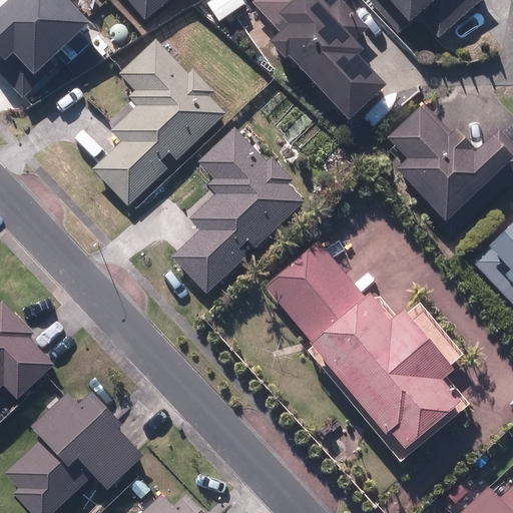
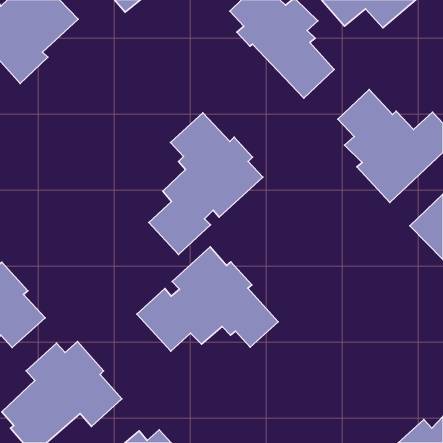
building: [91,42,223,208] -> none
building: [266,239,458,446] -> none
building: none -> [137,247,278,351]

